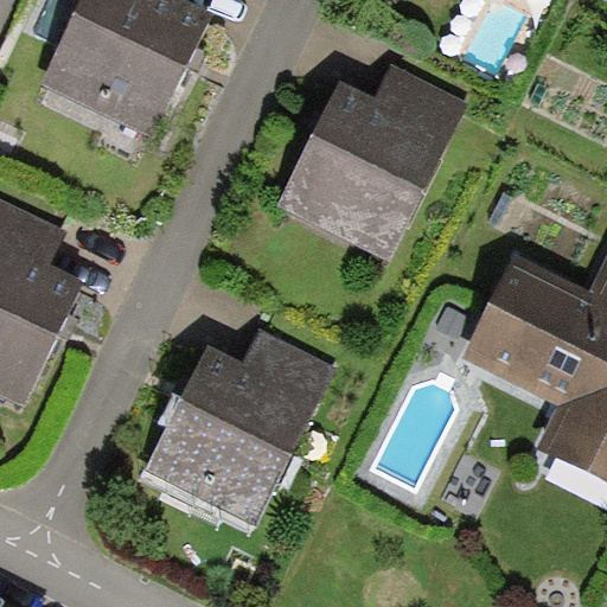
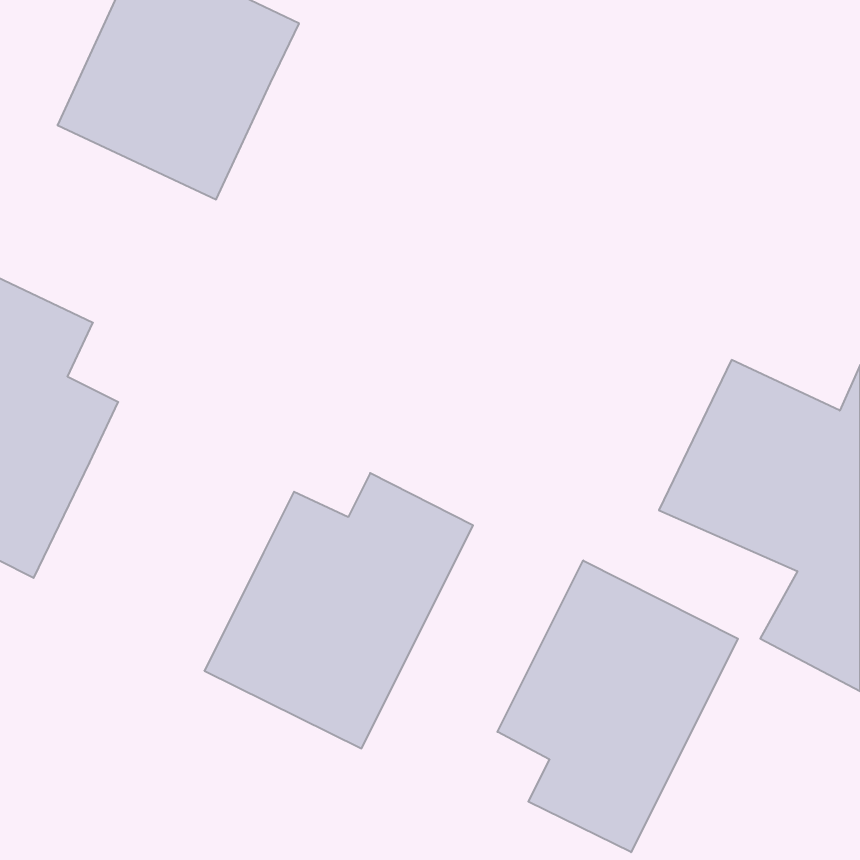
building: [277,63,466,260] -> none
building: none -> [497,560,738,852]

